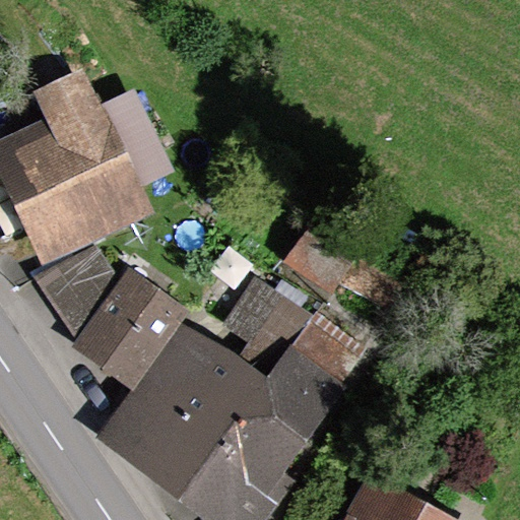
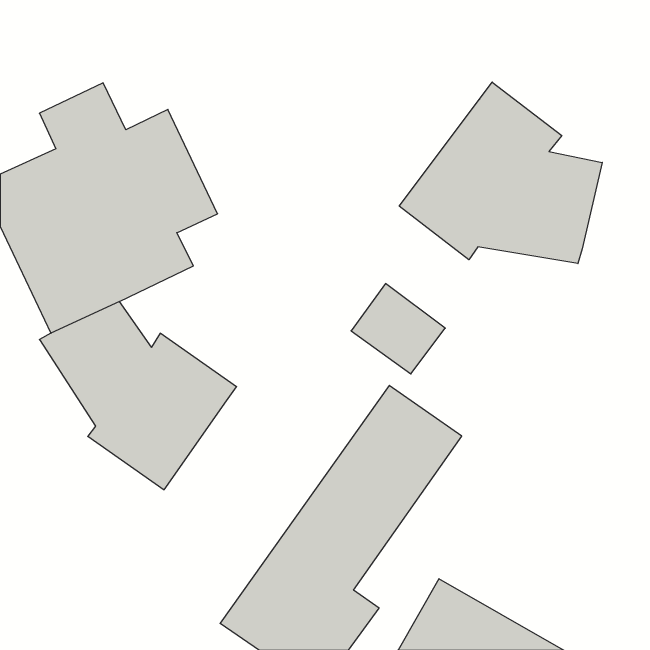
building: none -> [399,82,602,264]
building: [95,270,311,498] -> none

